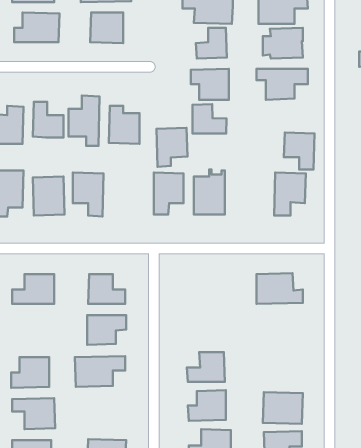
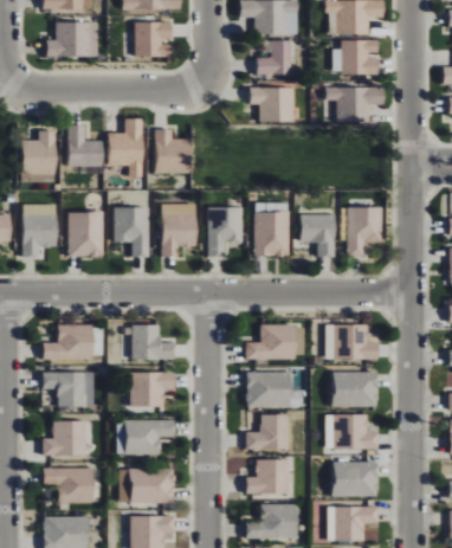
building: [192,104,227,133] -> none
building: [157,128,187,167] -> [161,213,196,258]
building: [284,132,315,169] -> [299,214,335,257]
building: none -> [245,325,304,359]
building: none -> [43,372,95,407]
building: none -> [246,372,303,406]
building: none -> [334,372,377,406]
building: none -> [325,414,379,449]
building: none -> [120,468,175,503]

